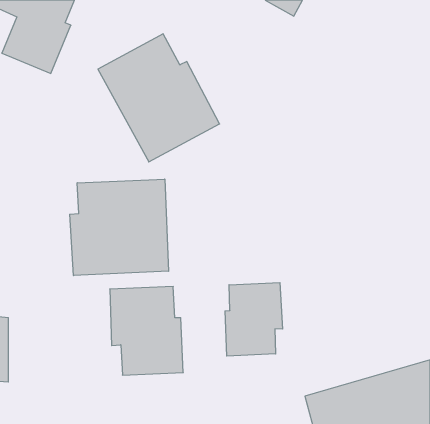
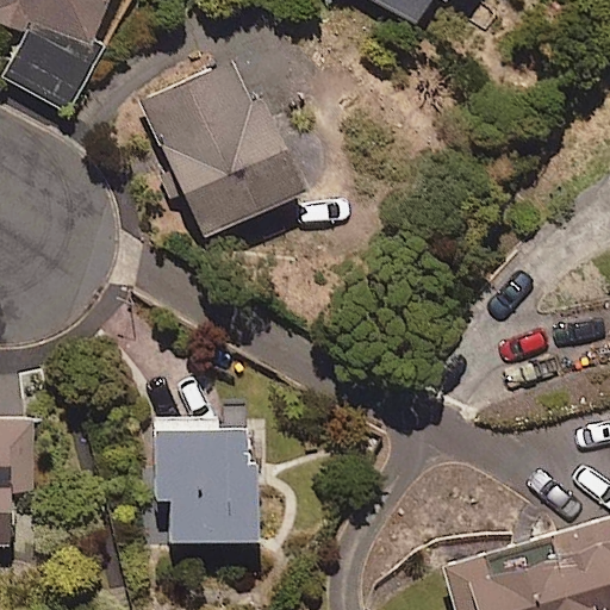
building: [70,179,169,276] -> none
building: [225,283,282,356] -> none

